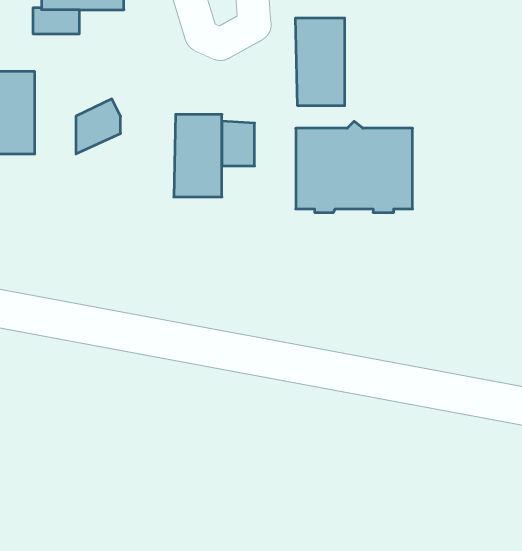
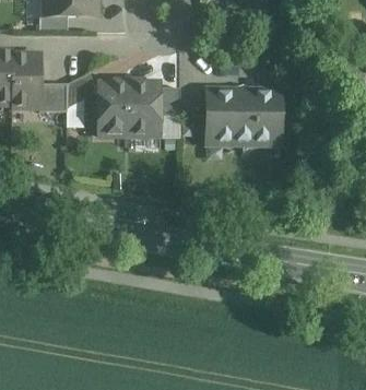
building: [296,18,345,106] -> none
building: none -> [97,81,129,133]
building: none -> [38,82,66,110]

